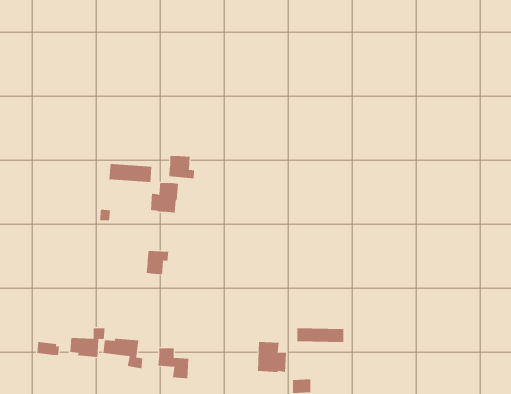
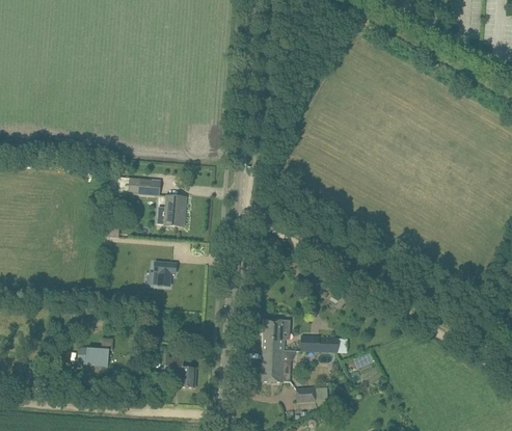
building: [169,155,194,179] -> none
building: none -> [264,318,291,352]
building: [103,338,143,369] -> none

